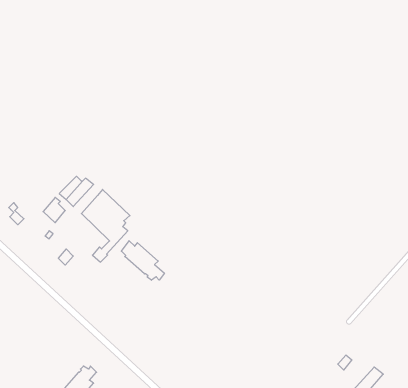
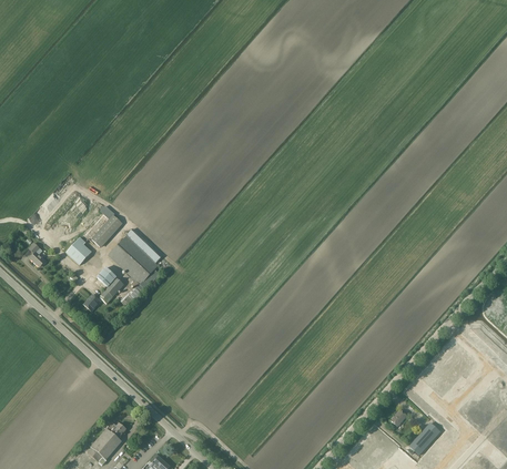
building: none -> [97,267,123,304]
building: [121,241,164,280] -> none

